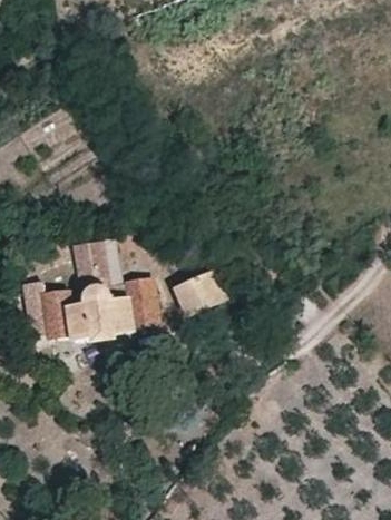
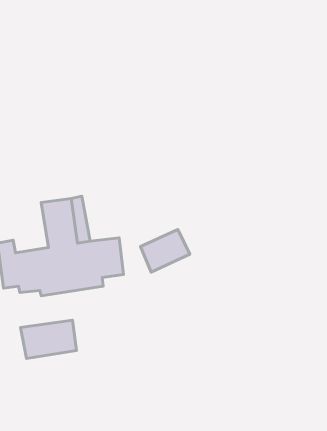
building: none -> [20,320,77,358]

